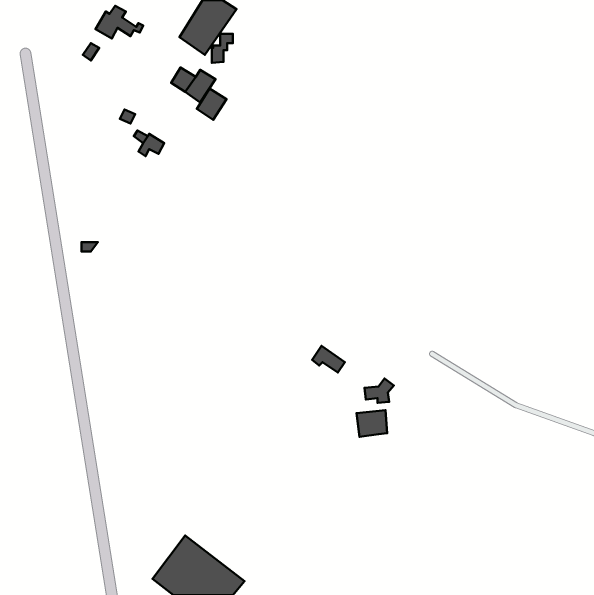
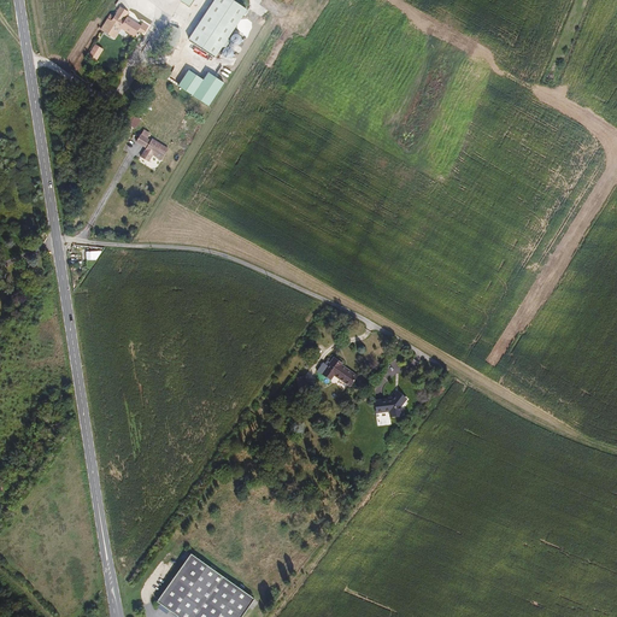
building: [197,88,227,120] -> none
building: [357,410,387,437] -> none

